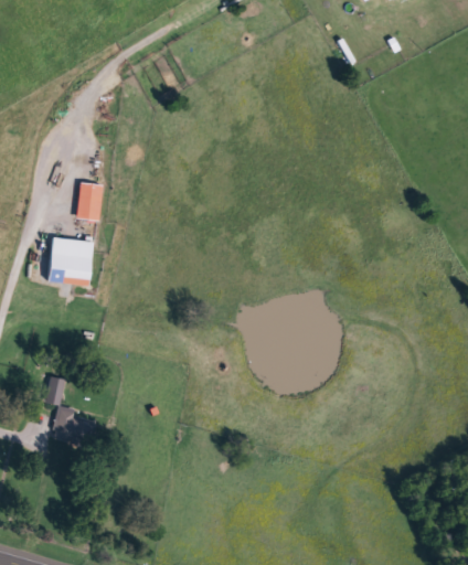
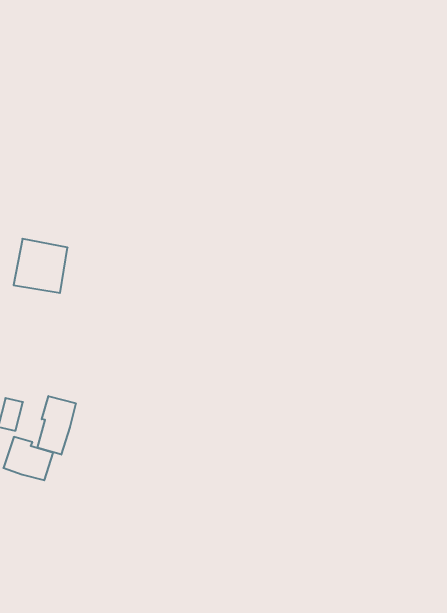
building: [75,181,103,220] -> none
building: none -> [37,396,76,455]

